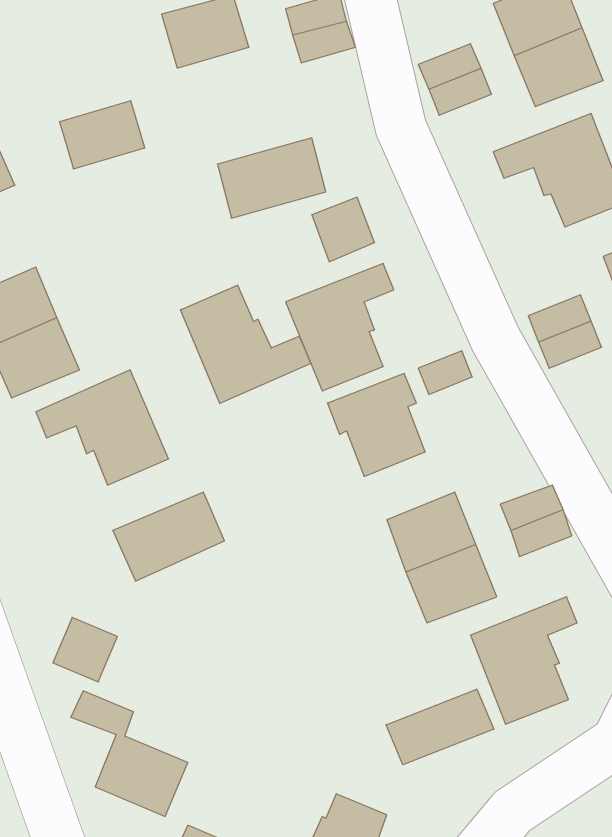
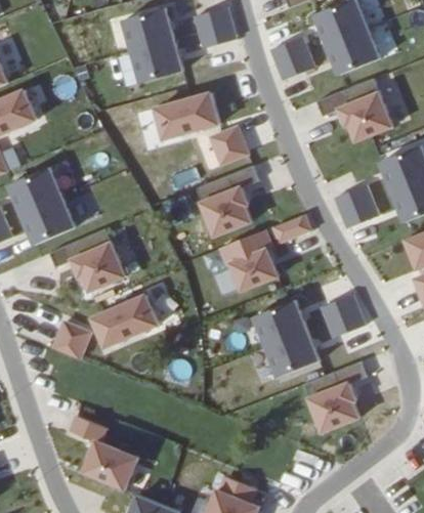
building: [59,101,145,169] -> [131,38,181,78]
building: [180,285,311,404] -> none
building: [53,617,117,682] -> [50,320,88,358]
building: [386,689,494,765] -> none

